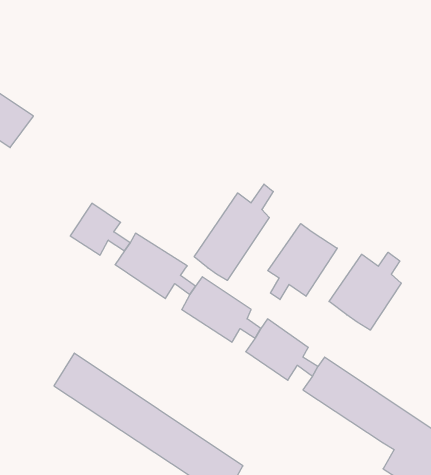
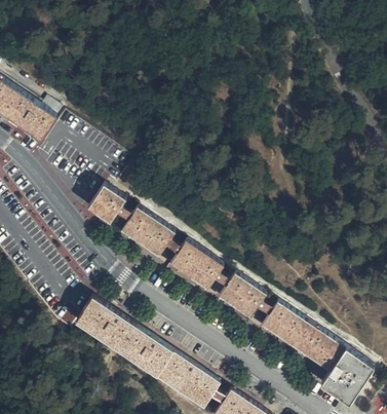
building: [194,184,273,280] -> none
building: [268,224,337,300] -> none
building: [329,252,401,330] -> none

